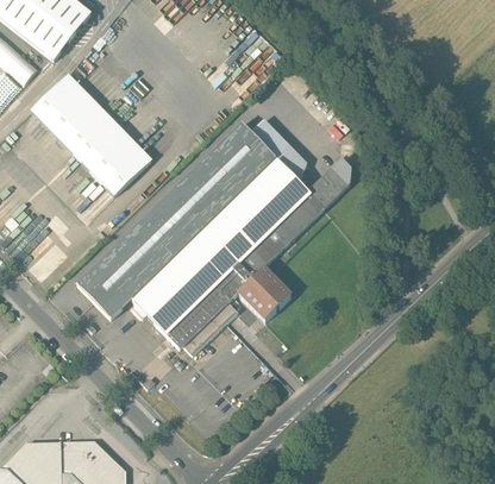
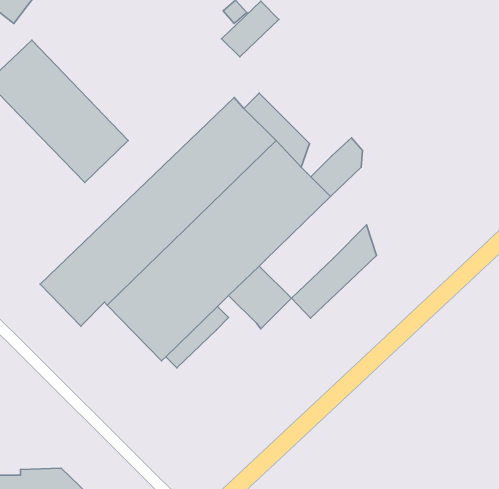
building: none -> [291,225,377,318]

